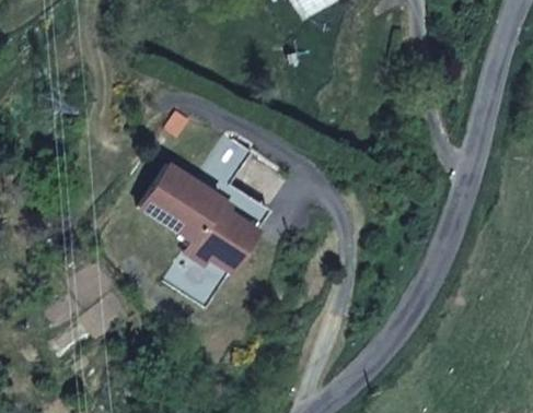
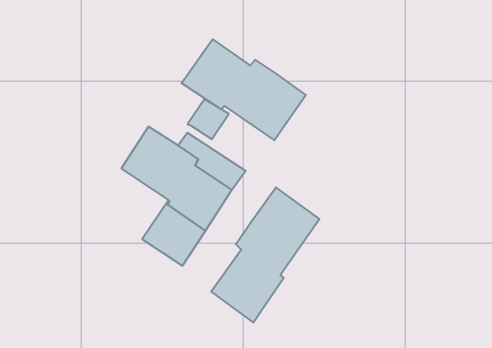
building: none -> [181,39,306,140]
building: none -> [211,187,319,323]

